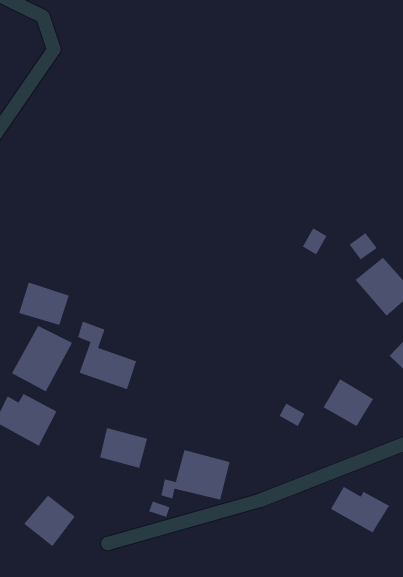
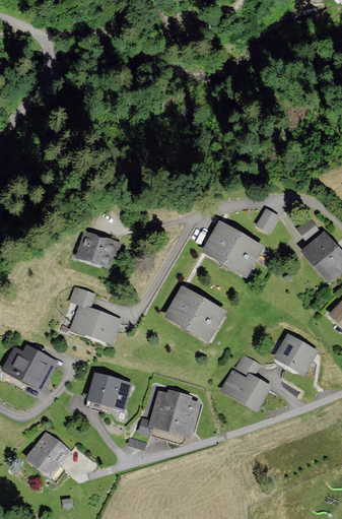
building: none -> [201,222,262,278]
building: [18,282,70,326] -> [77,233,120,269]
building: none -> [163,287,225,343]
building: [11,325,73,392] -> none
building: [330,486,390,534] -> [220,371,270,410]

